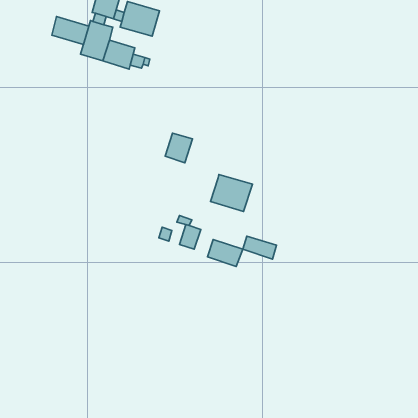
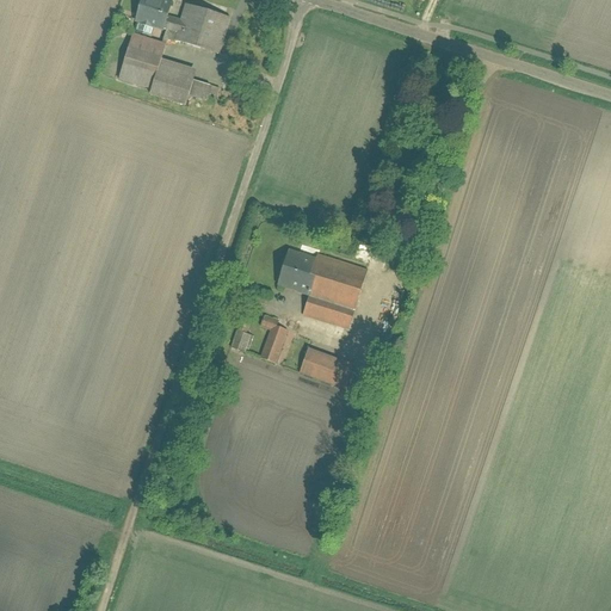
building: [52,16,89,44] -> none
building: [165,133,192,163] -> [277,249,316,292]
building: [243,236,276,259] -> [304,294,353,327]

